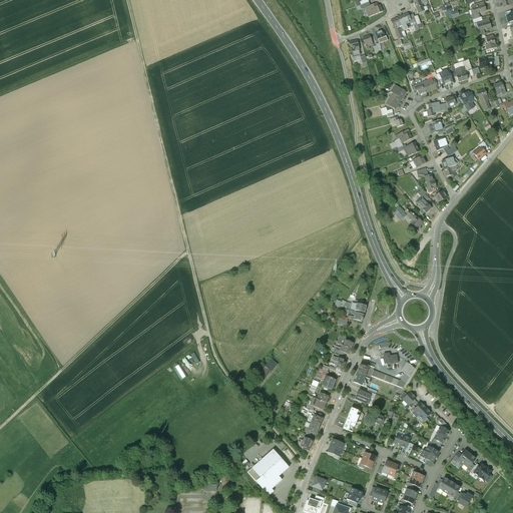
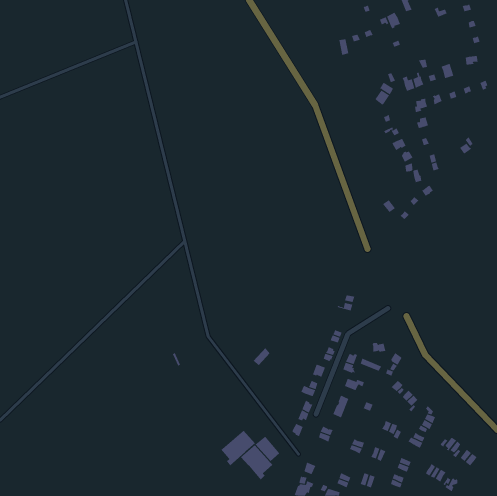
building: none -> [220,430,256,466]

